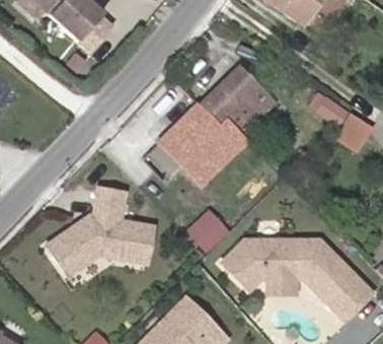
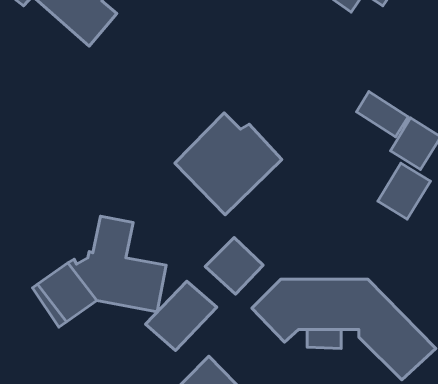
building: [201,66,274,134] -> none
building: none -> [378,163,430,219]
building: none -> [145,281,217,351]

